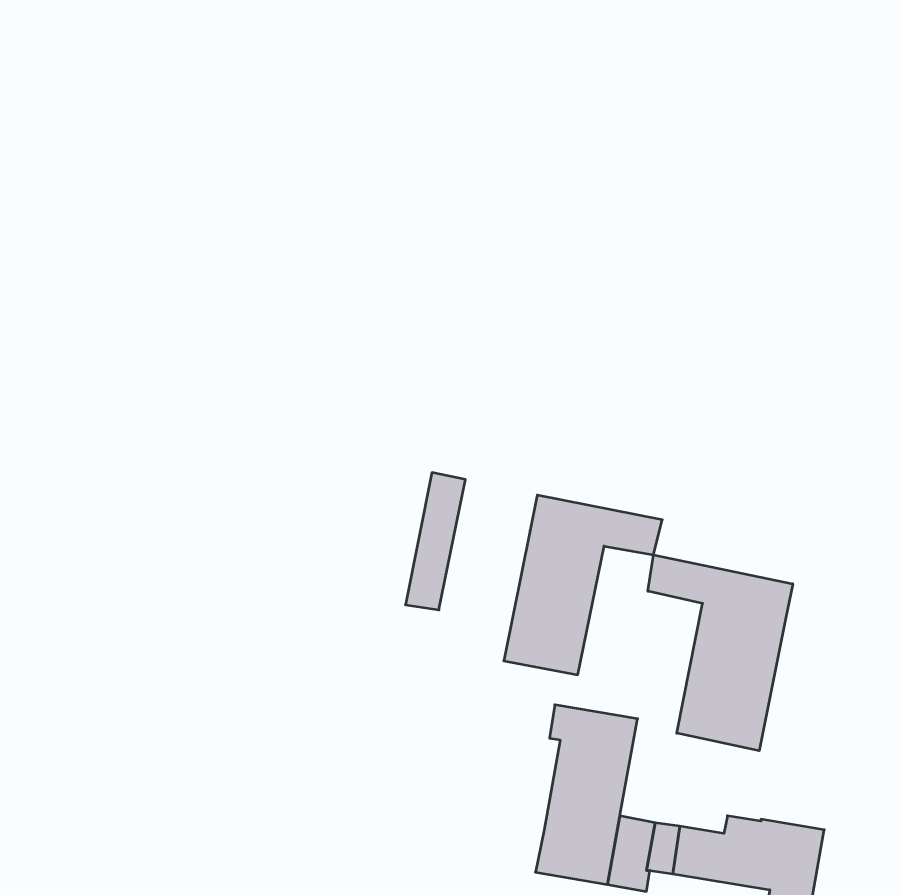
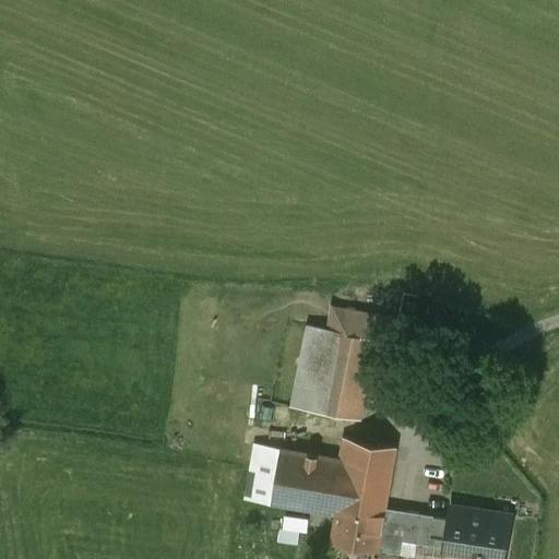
building: [405,473,465,610] -> [292,328,329,413]
building: [648,555,793,751] -> none
building: none -> [246,447,347,518]

